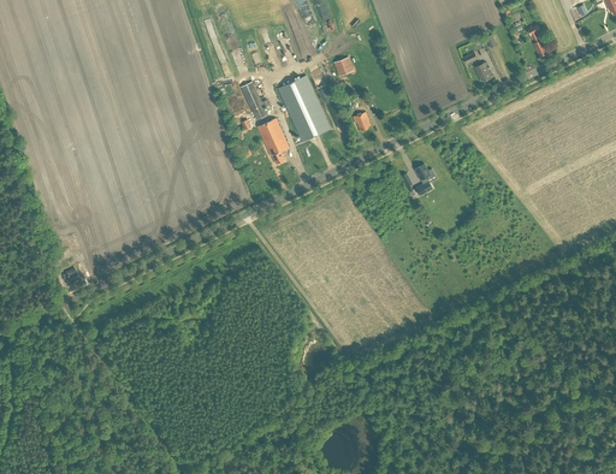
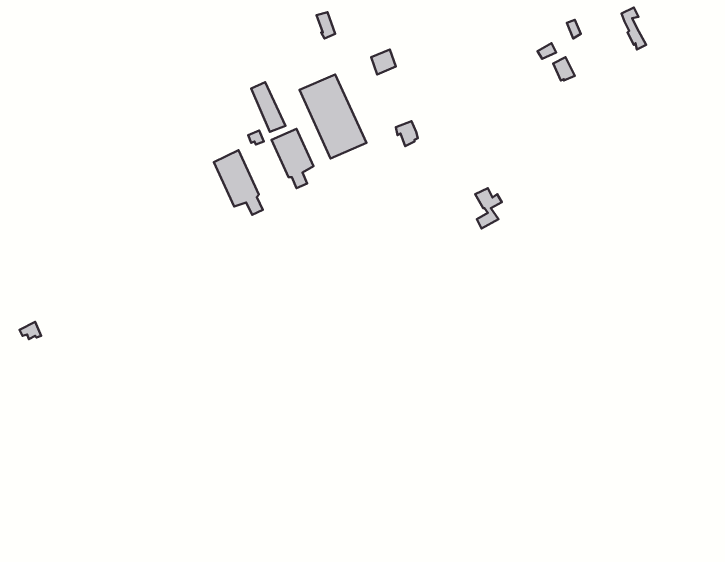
building: none -> [214,150,263,215]

